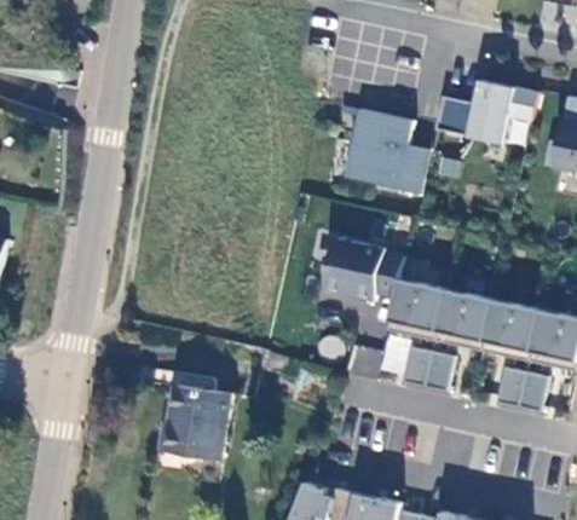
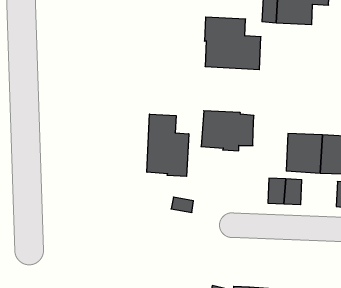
building: none -> [147,114,189,176]
building: [387,276,445,337] -> none
building: [162,382,232,452] -> none

